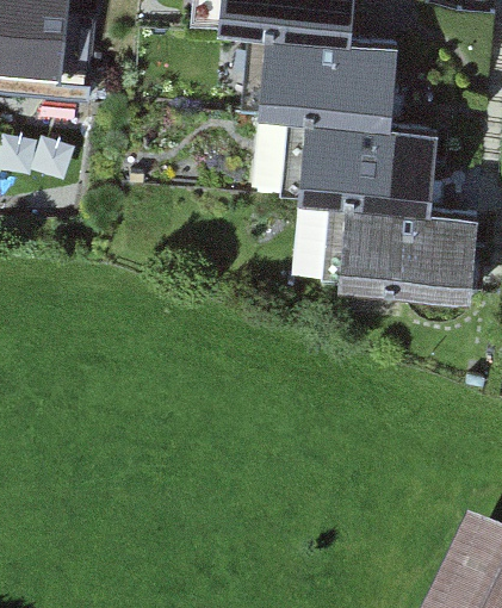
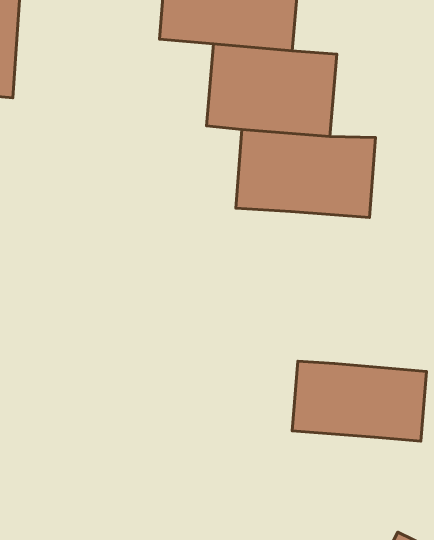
building: [339,216,479,312] -> none
building: none -> [292,361,427,441]

